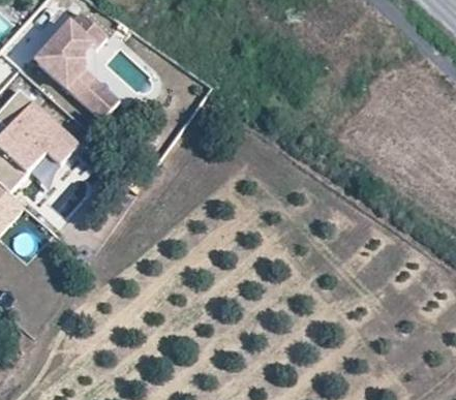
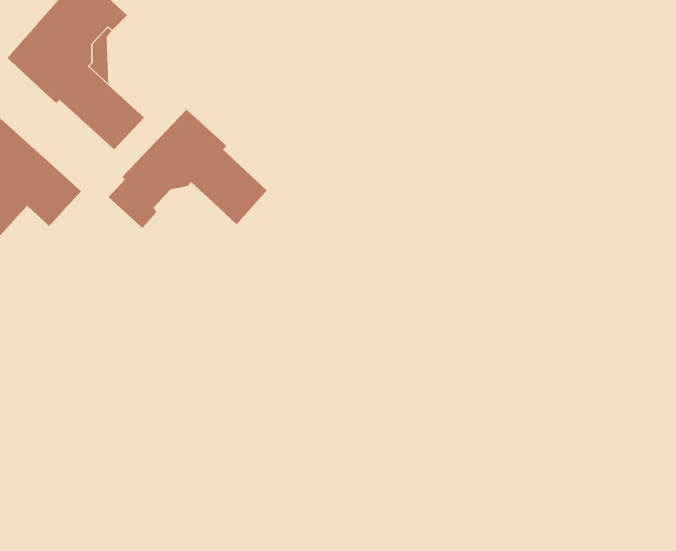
building: none -> [108,109,267,229]

